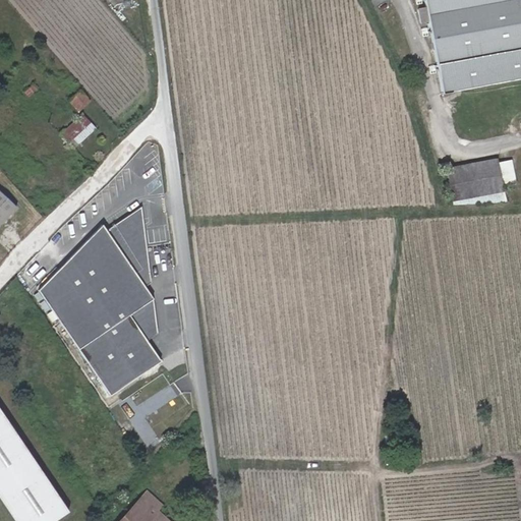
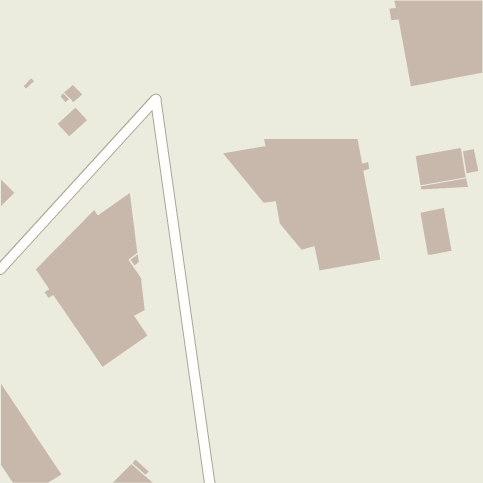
building: none -> [222,138,381,271]
building: none -> [420,207,452,256]

